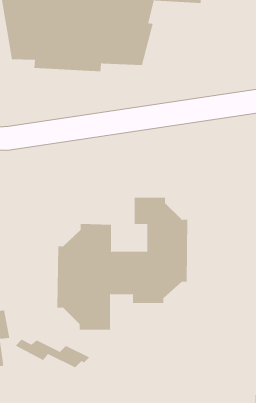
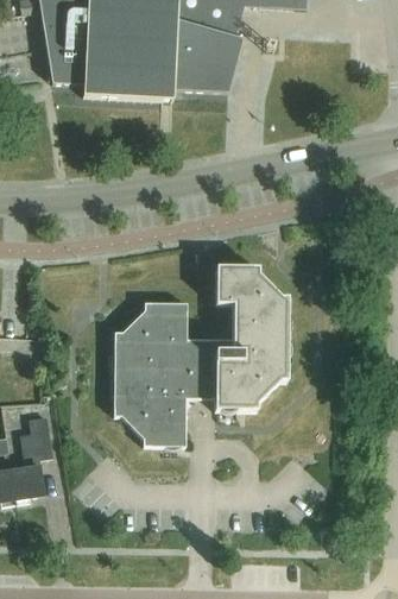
building: [15,339,90,368] -> none

